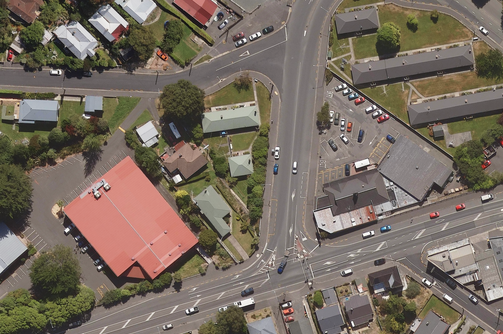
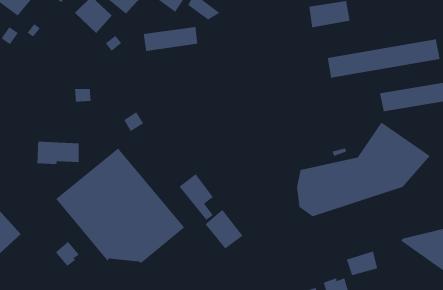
building: [50,15,95,58] -> none
building: [12,98,57,123] -> [37,141,80,165]
building: [200,105,258,132] -> [143,26,198,52]
building: [162,138,208,178] -> none
building: [228,154,252,175] -> none
building: none -> [205,209,244,249]
building: none -> [55,241,80,267]

